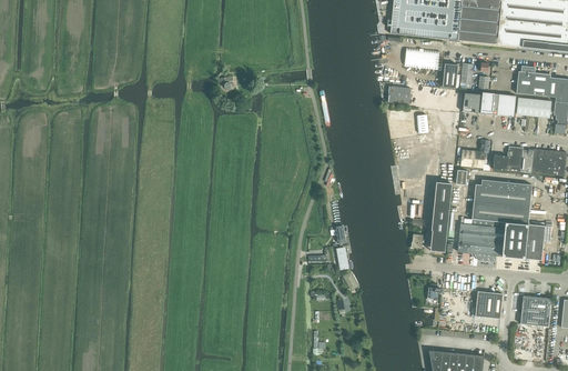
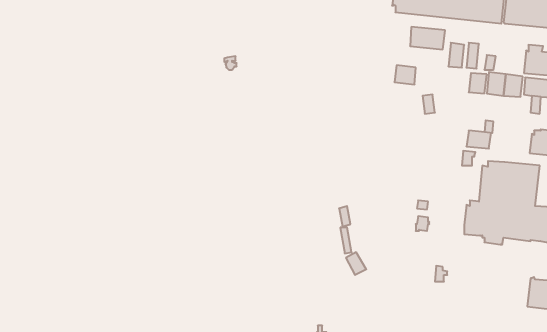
building: [493,146,525,171] -> none
building: [432,181,452,251] -> none
building: [475,290,503,318] -> none

